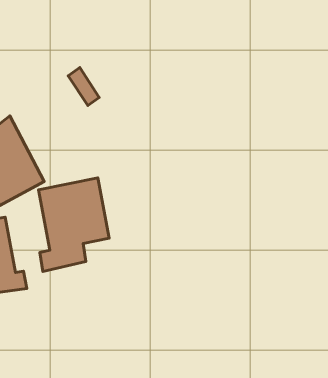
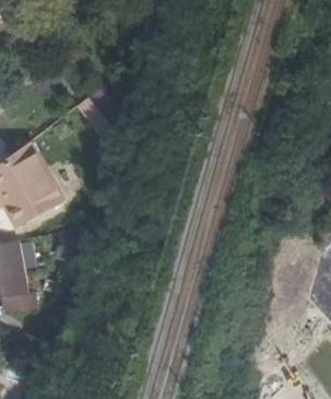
building: [38,178,109,272] -> none

